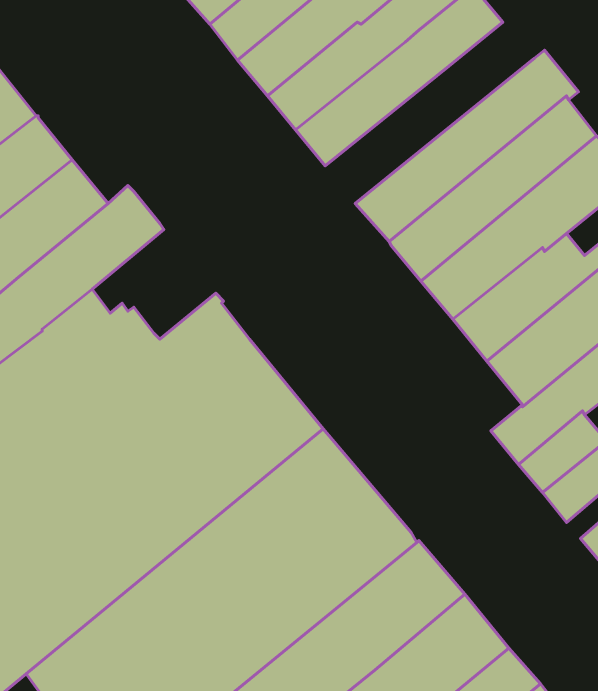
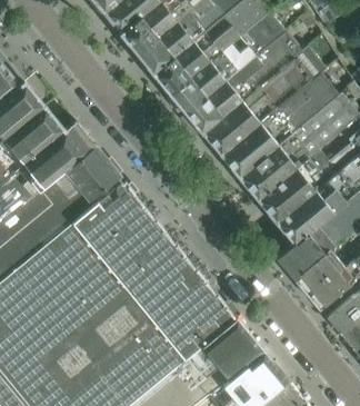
building: none -> [184,29,301,130]
building: none -> [54,145,121,202]

